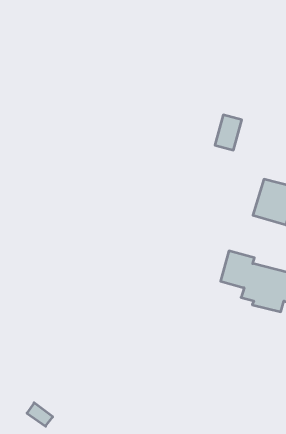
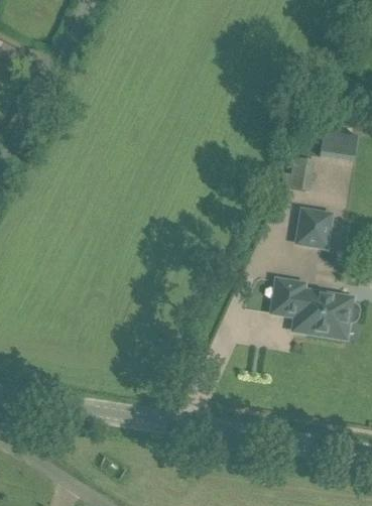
building: [215,115,242,150] -> [290,157,315,192]

